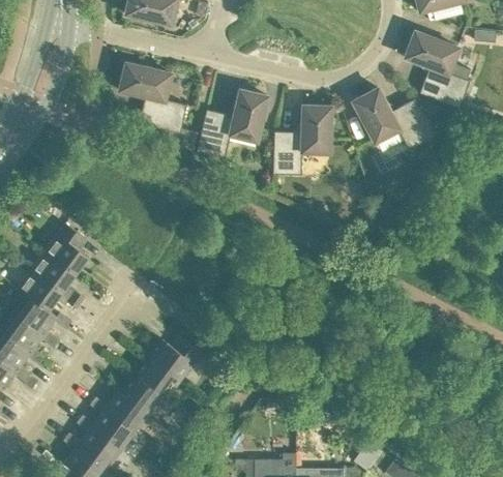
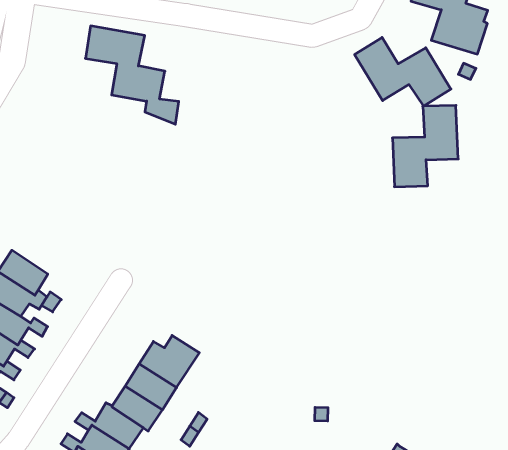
building: [197,89,267,157] -> none
building: [272,106,330,175] -> [392,105,458,187]
building: [43,223,88,275] -> none

